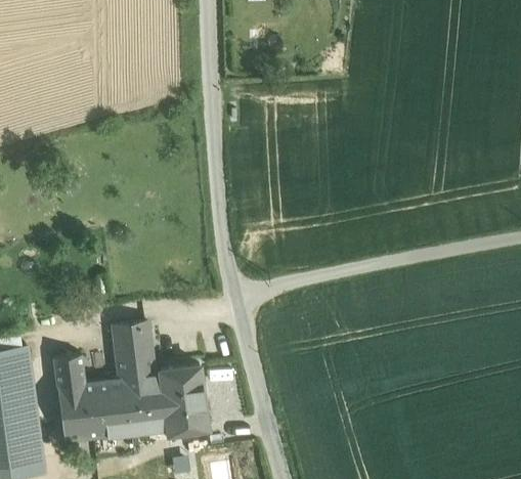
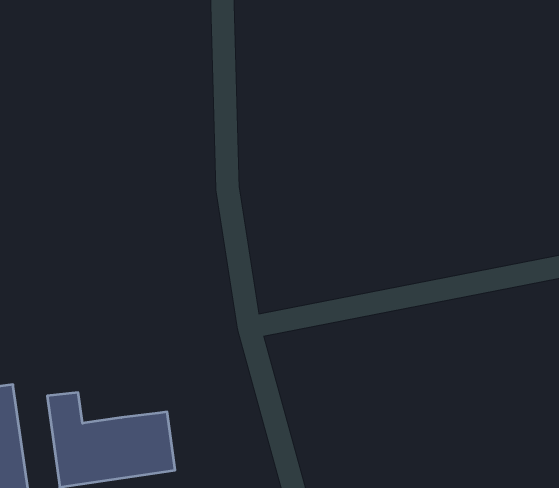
building: [114,324,153,379] -> none
building: [160,365,206,429] -> none

